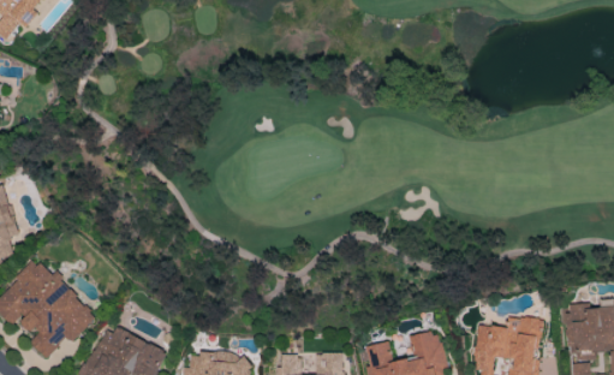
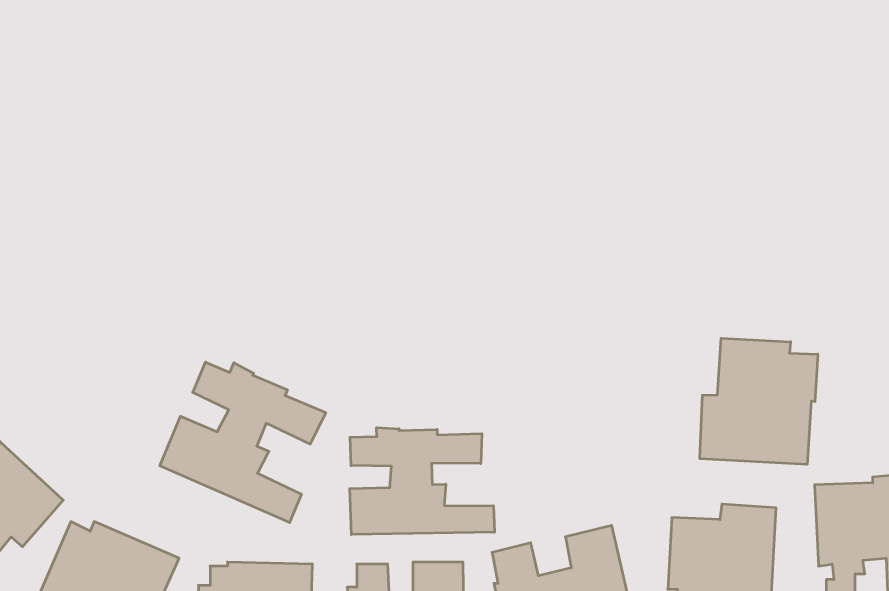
building: none -> [700,338,818,464]
building: none -> [160,362,326,523]
building: none -> [350,428,494,535]

